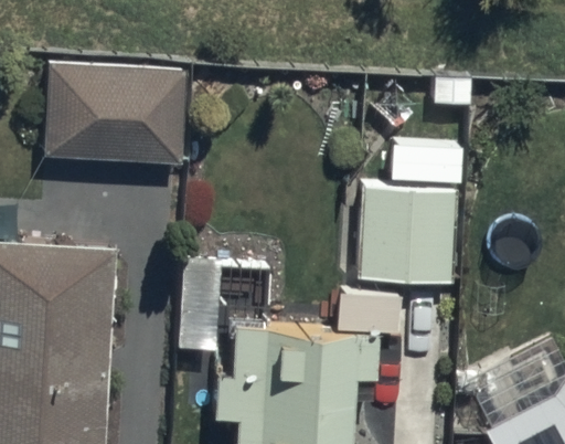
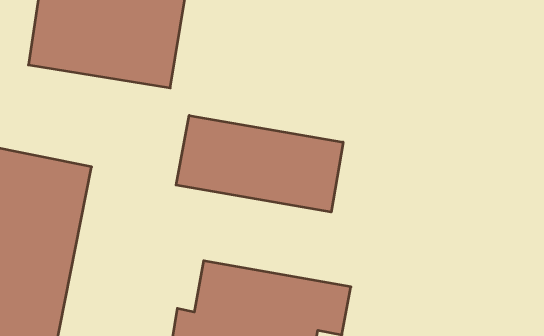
building: none -> [176,115,343,212]
building: [358,190,455,286] -> none

